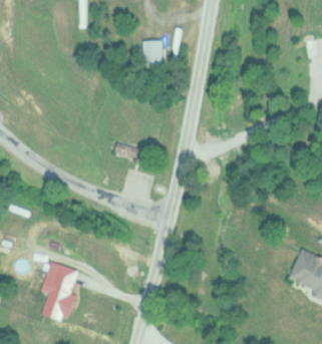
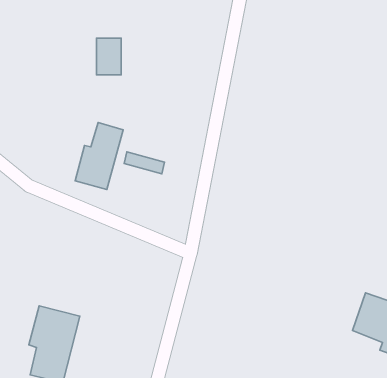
building: [144,41,164,69] -> [97,38,121,75]
building: none -> [75,122,123,189]

